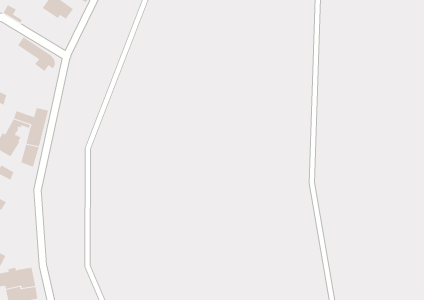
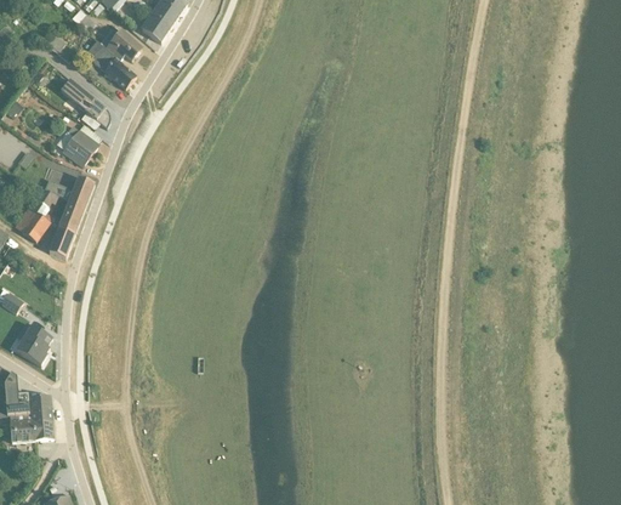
building: none -> [84,40,136,89]
building: none -> [56,124,98,166]
building: none -> [15,322,52,365]

